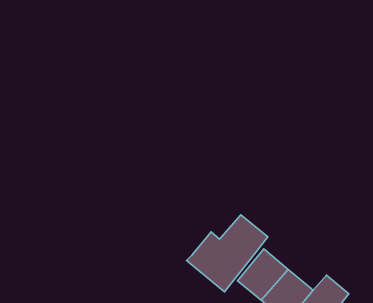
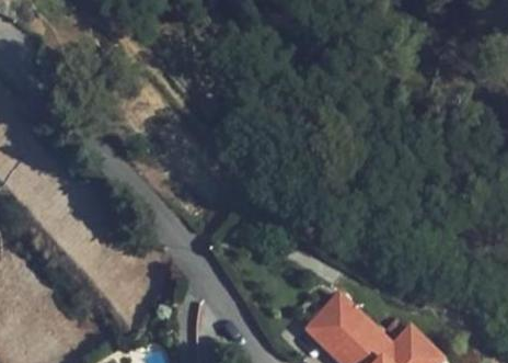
building: [187,215,268,292] -> none

